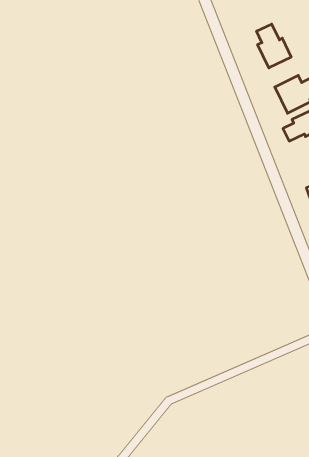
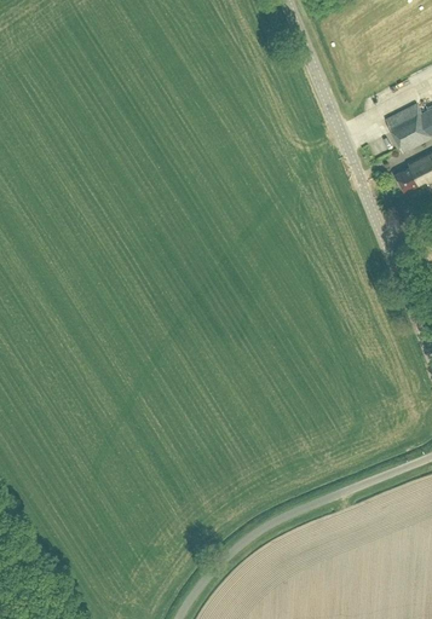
building: [257,24,291,68] -> none

